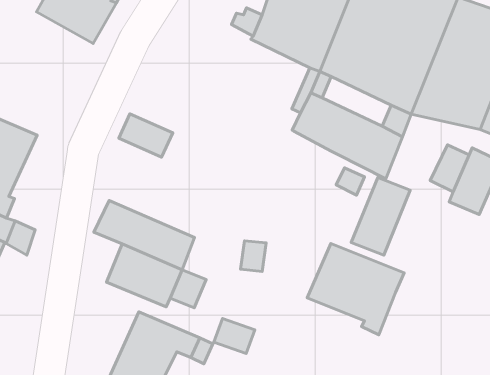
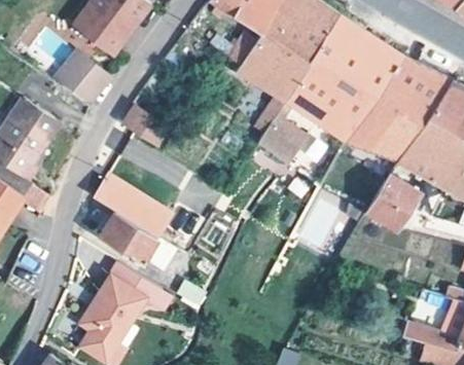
building: none -> [56,47,110,99]
building: [307,243,404,335] -> none

